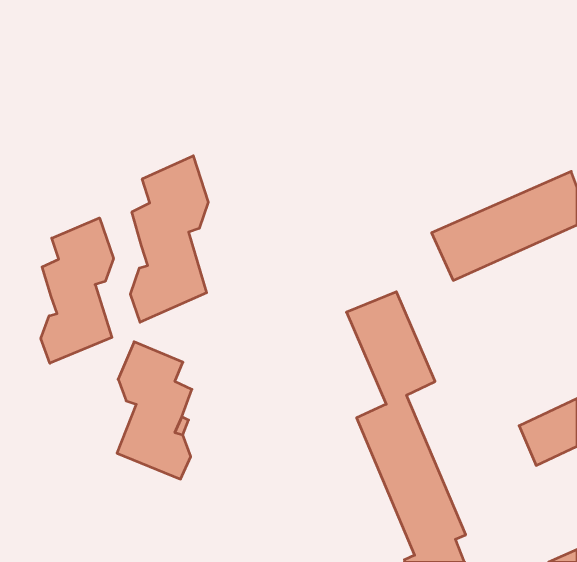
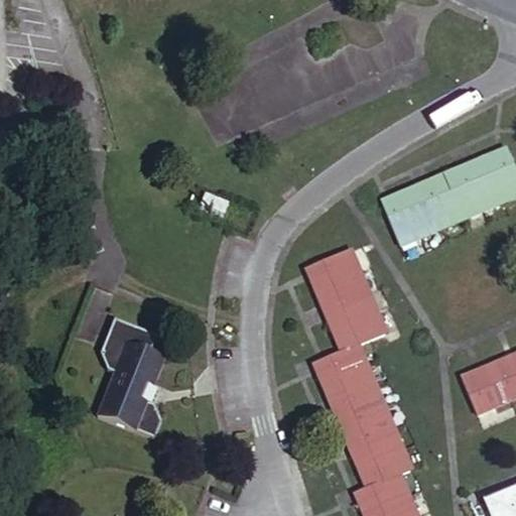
building: [130,156,208,322] -> none
building: [41,218,113,363] -> none

